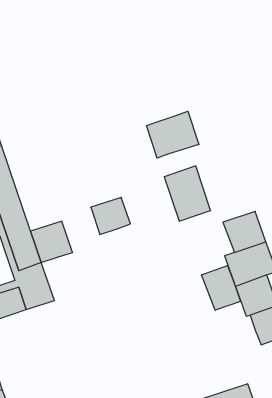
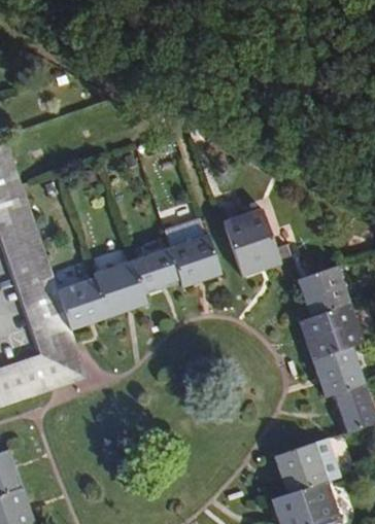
building: [146,111,199,158] -> none
building: none -> [170,234,221,285]
building: none -> [94,259,146,316]
building: [202,265,241,310] -> none
building: none -> [275,442,328,493]

